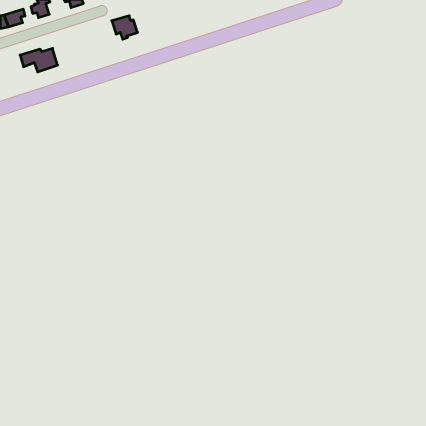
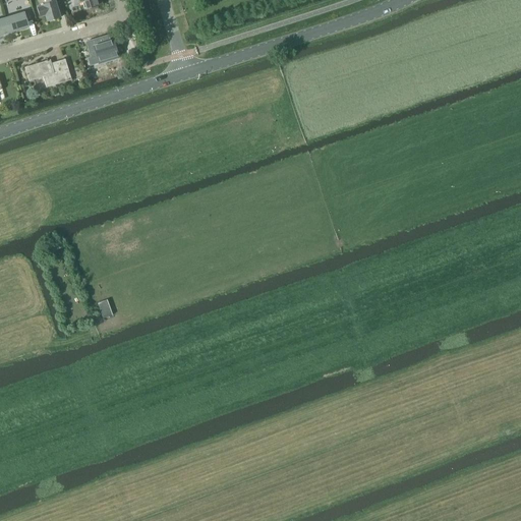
building: [112,16,138,39] -> [85,36,117,64]

